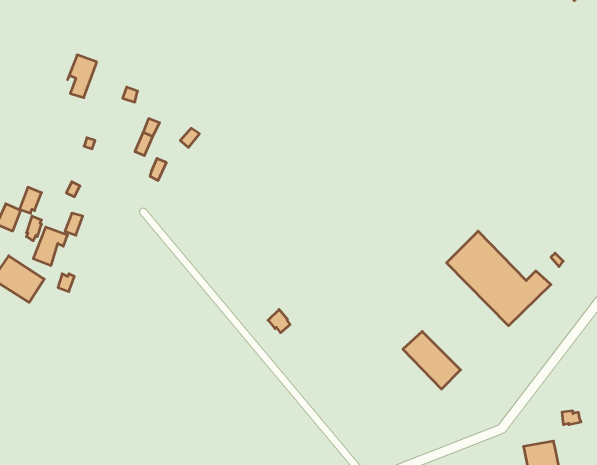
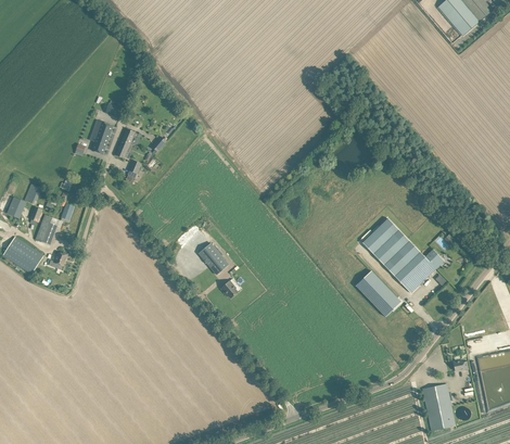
building: [68,55,96,98] -> [89,119,112,153]
building: none -> [197,242,228,274]
building: [403,331,461,389] -> [355,270,400,316]

